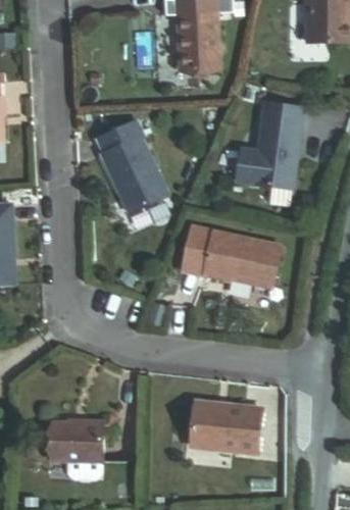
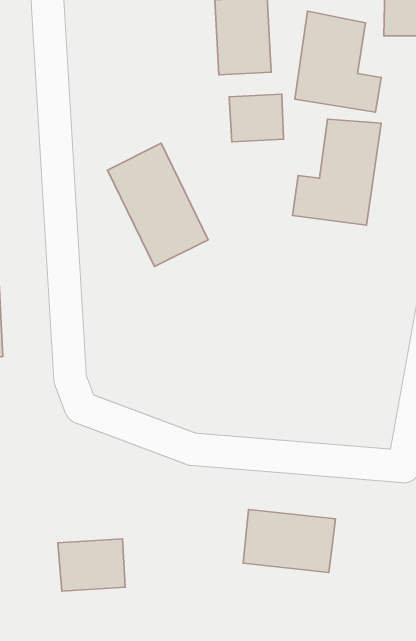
building: none -> [295,11,381,112]
building: none -> [229,94,283,142]
building: [181,226,282,288] -> none

